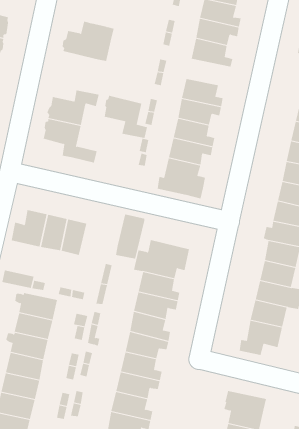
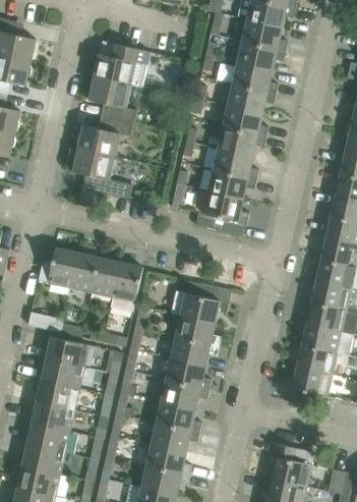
building: none -> [227,85,276,113]
building: [104,95,148,139] -> [88,76,136,123]
building: [115,214,145,259] -> [110,263,142,312]

